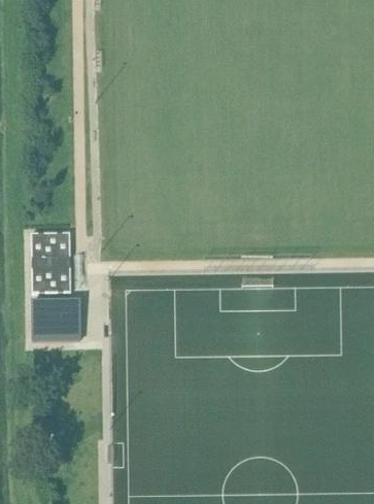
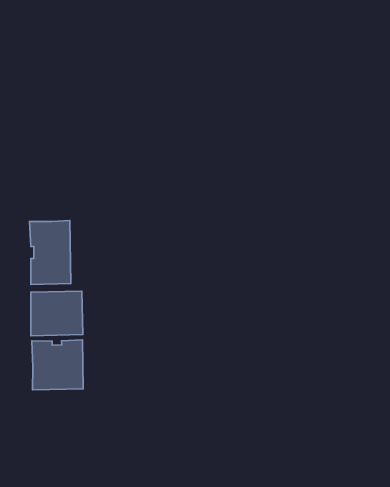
building: none -> [32,340,83,390]

